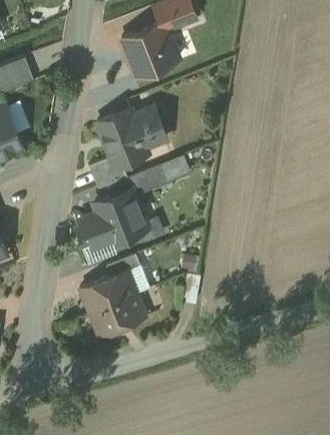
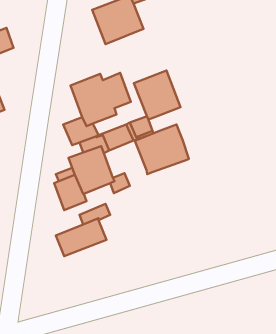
building: none -> [134,70,180,119]
building: none -> [135,124,189,174]
building: [89,293,145,334] -> none

